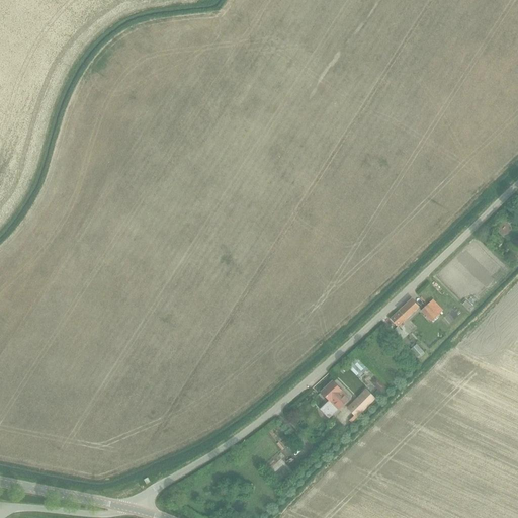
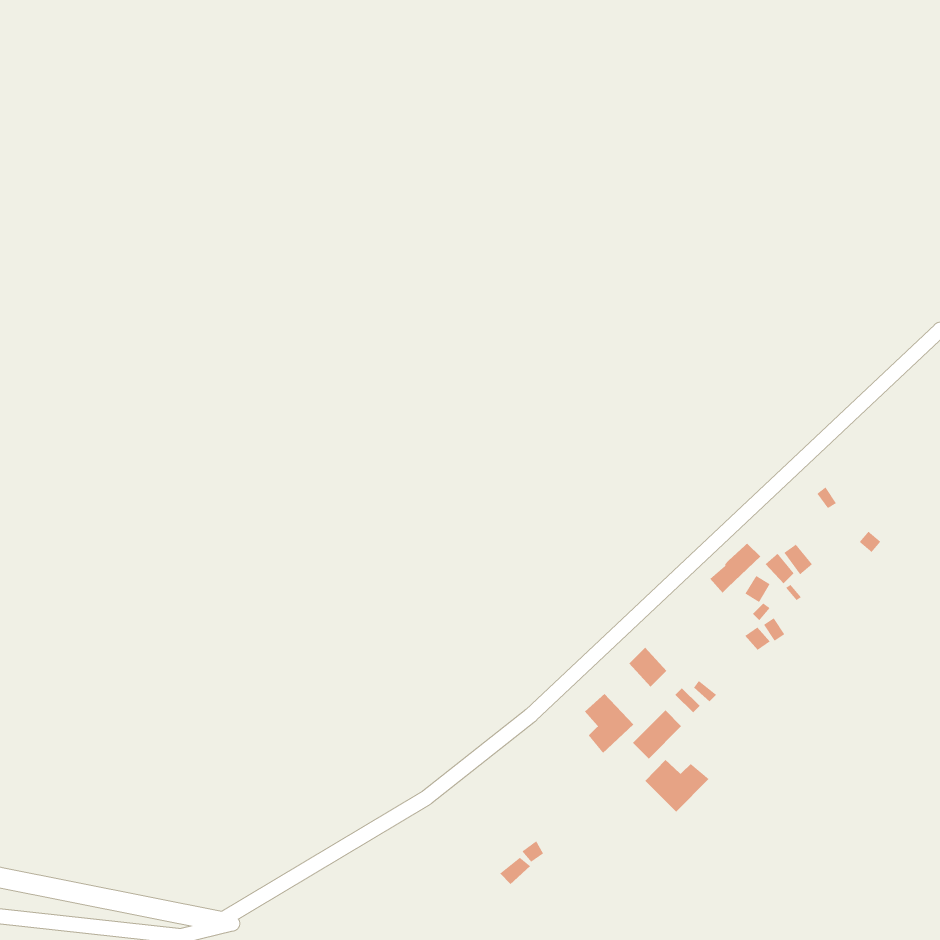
building: none -> [645,759,710,812]

